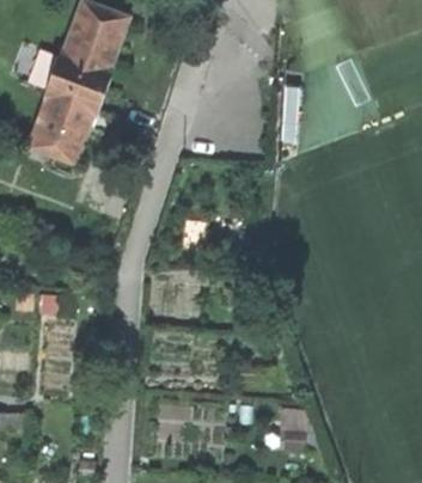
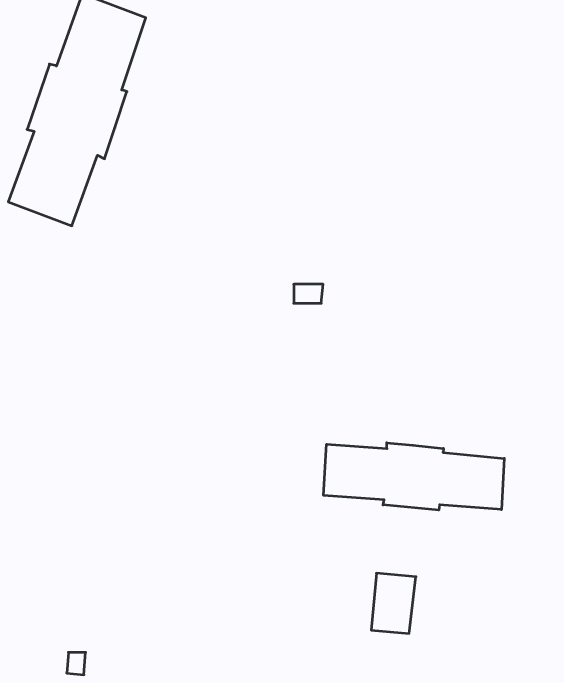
building: none -> [324,443,504,510]

